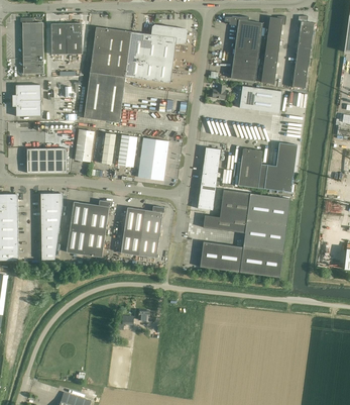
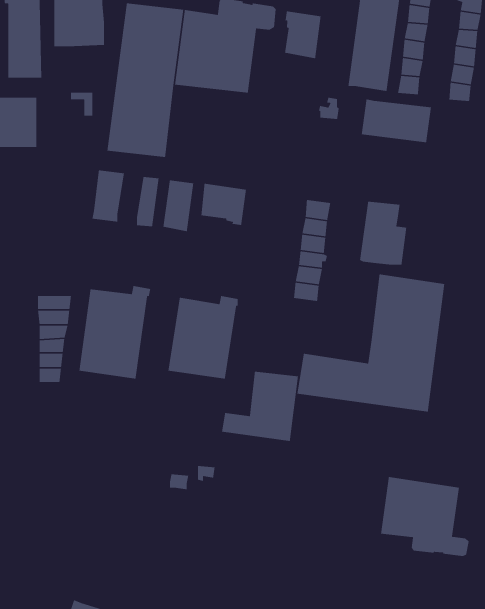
building: none -> [284,11,321,59]
building: [263,141,297,191] -> none
building: [26,147,66,172] -> none
building: [137,157,165,180] -> none
building: [202,189,249,232] -> [221,371,299,442]
building: none -> [380,476,470,557]

